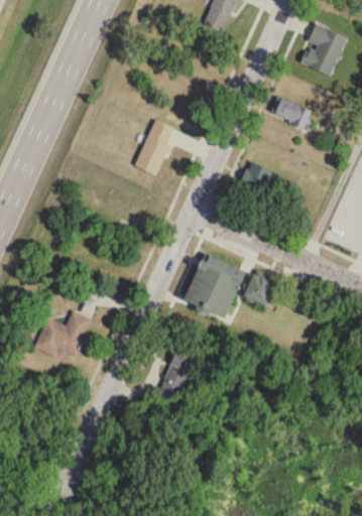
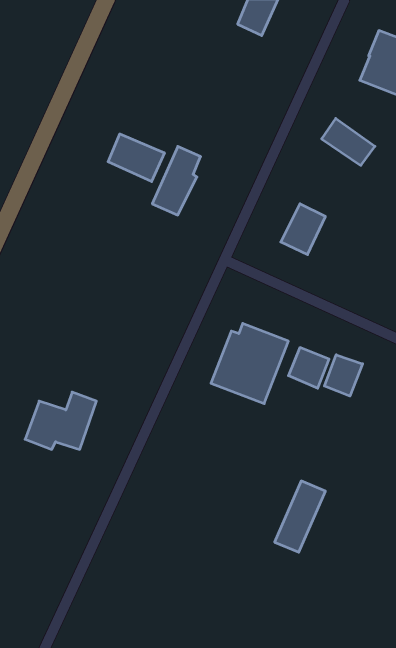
building: none -> [108,134,164,182]
building: none -> [324,355,363,396]
building: [157,344,198,400] -> [275,481,325,552]

